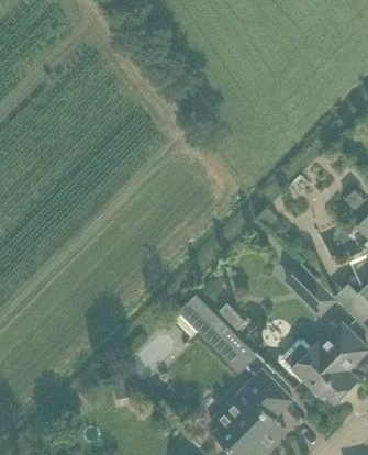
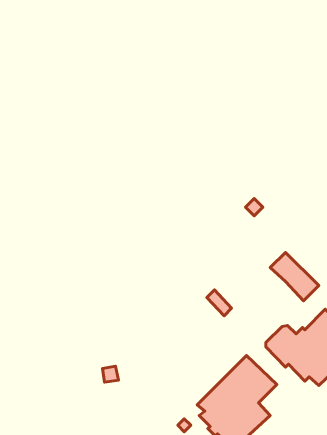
building: [185,295,248,368] -> none

